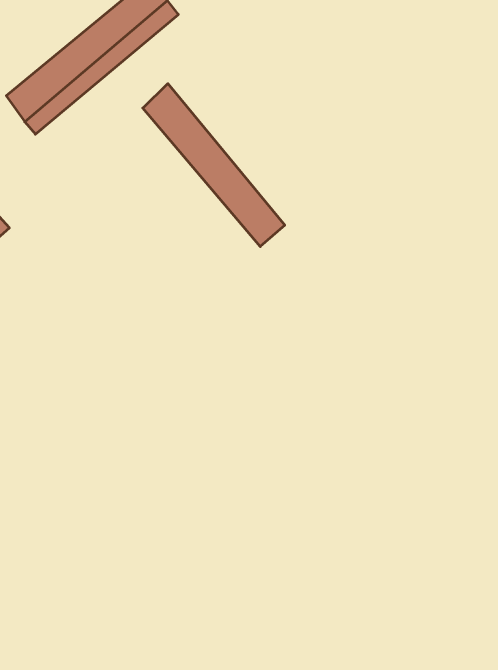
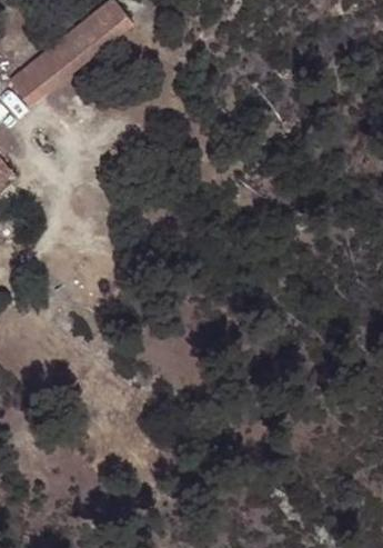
building: [143,84,285,247] -> none

